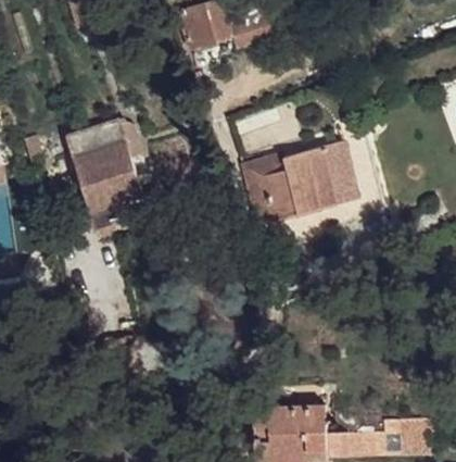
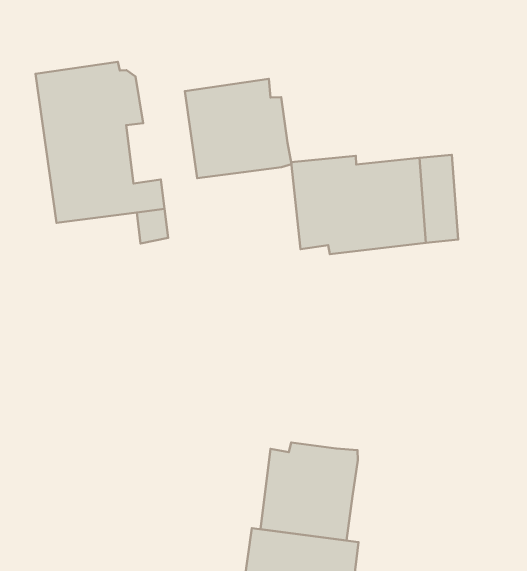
building: none -> [185,79,291,178]
building: none -> [261,443,358,540]

